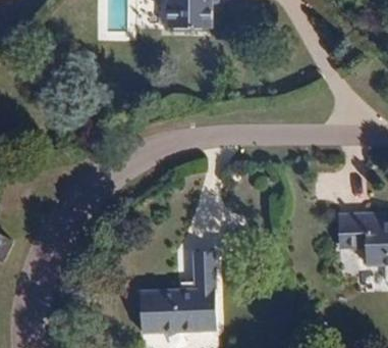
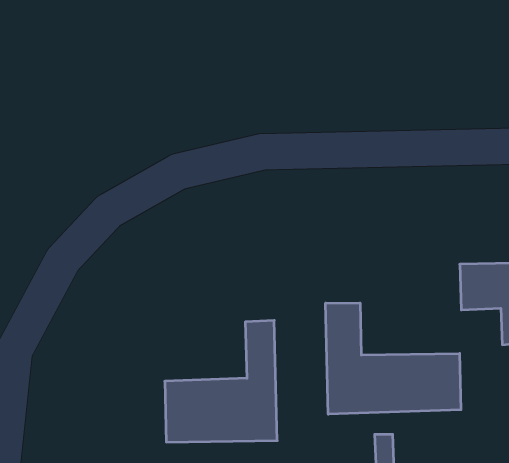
building: none -> [326,303,461,414]

